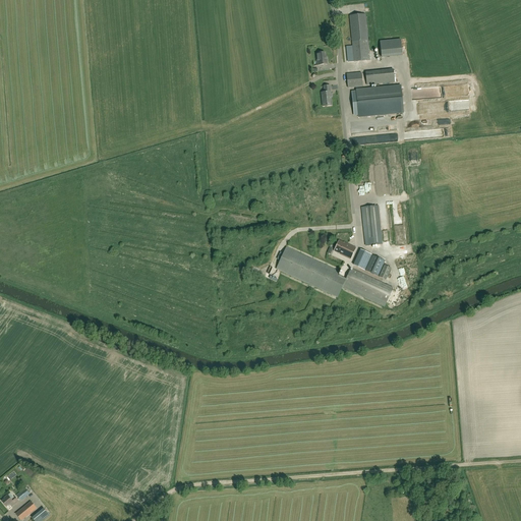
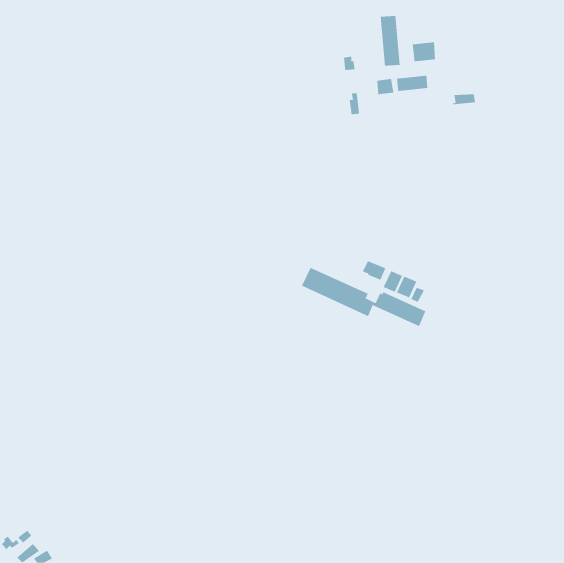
building: [352,85,403,115] -> none
building: [362,206,382,245] -> none

